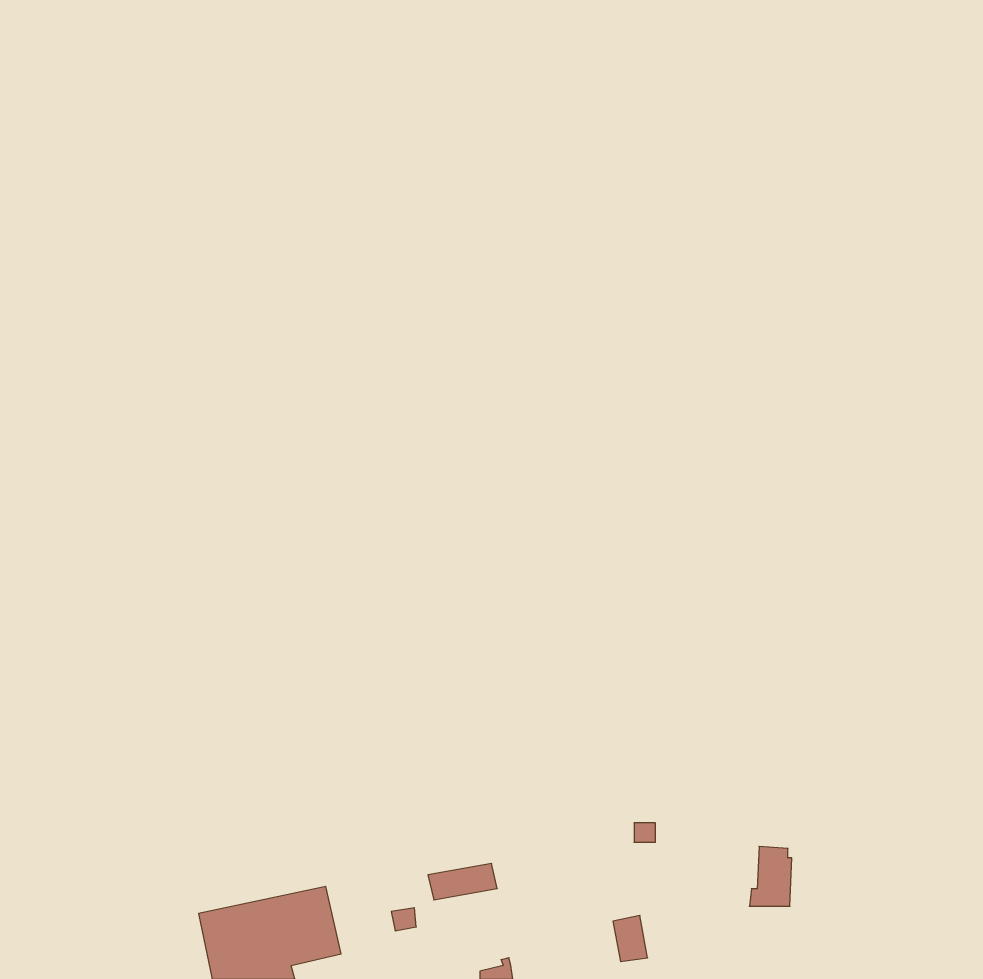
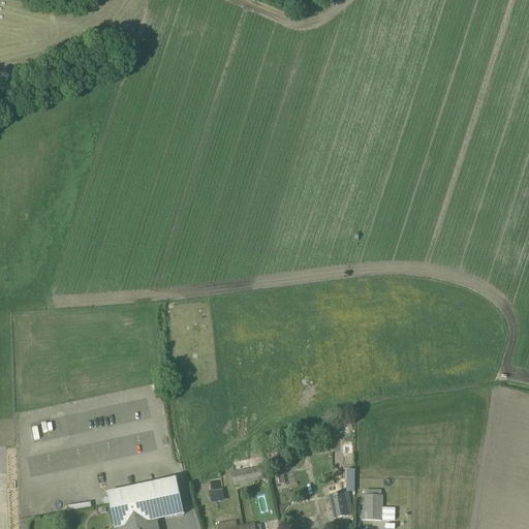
building: [749,846,792,906] -> [360,487,382,519]

